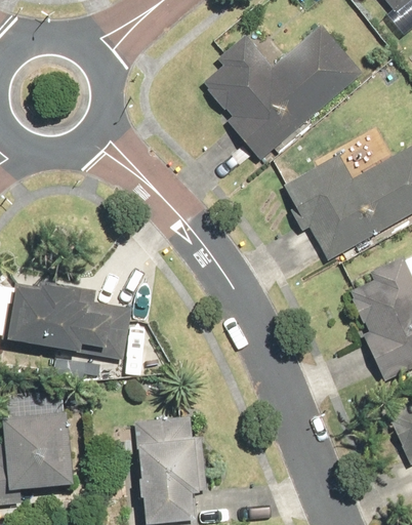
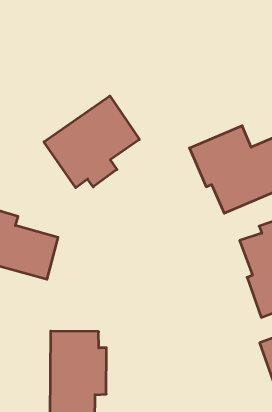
building: [203,26,363,160] -> none
building: none -> [44,96,139,188]

